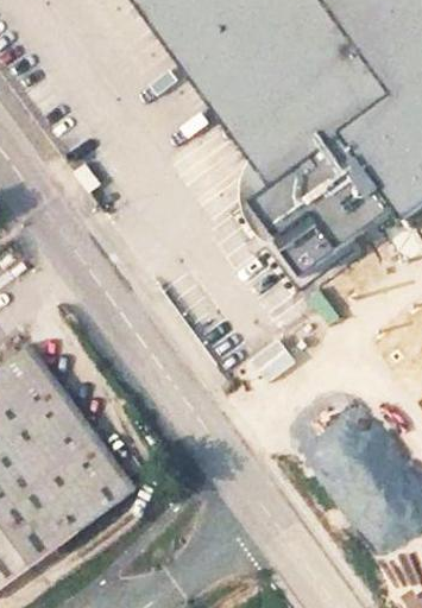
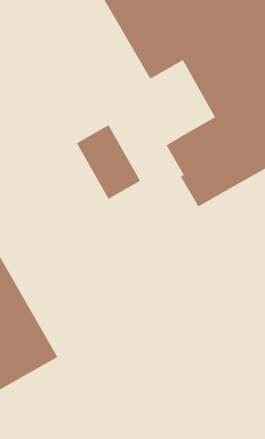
building: [218,90,306,186] -> [76,125,141,200]

